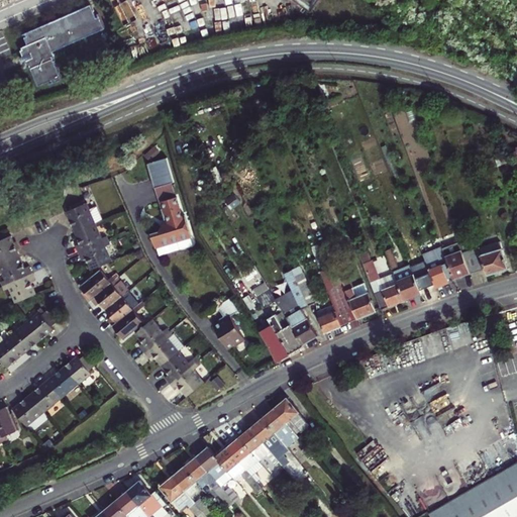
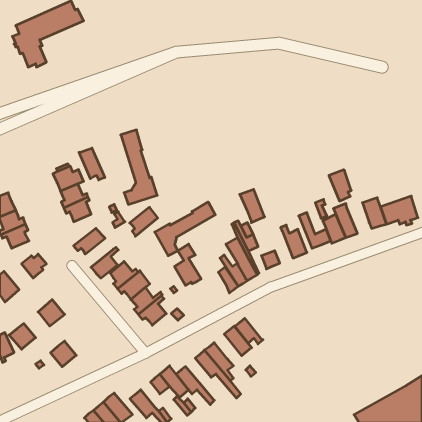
building: none -> [79,148,105,180]
building: [423,247,450,286] -> [329,170,351,201]
building: none -> [155,202,215,256]
building: [79,271,117,301] -> none
building: [327,283,357,323] -> [240,189,265,223]
building: [104,292,138,327] -> [130,207,158,236]
building: [9,323,40,354] -> none
building: [64,355,94,385] -> none
building: [29,382,61,413] -> [51,341,76,367]
building: [262,409,296,440] -> [235,318,263,344]
building: [226,438,257,471] -> none
building: [172,468,197,498] -> none

